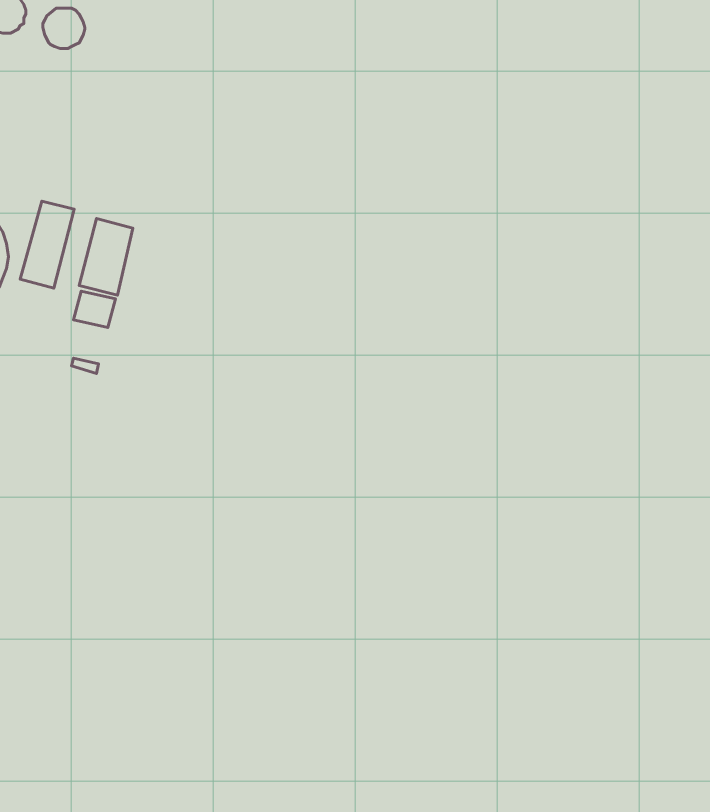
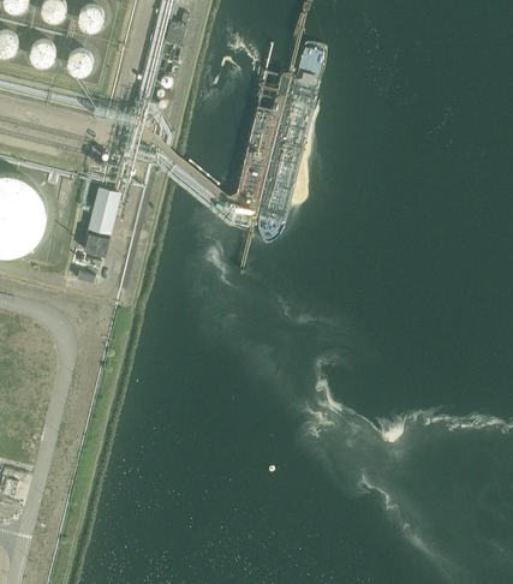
building: [20,201,74,288] -> none

